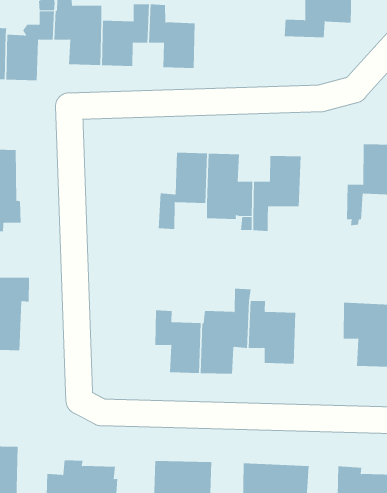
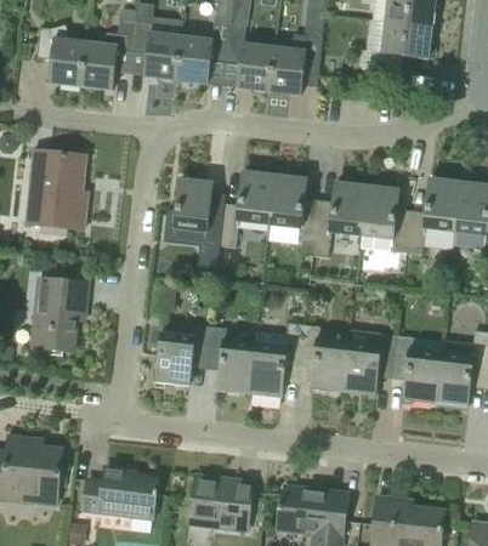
building: none -> [268,33,323,93]
building: none -> [359,186,409,257]
building: none -> [174,178,223,245]
building: none -> [342,329,396,394]
building: none -> [157,322,209,385]

